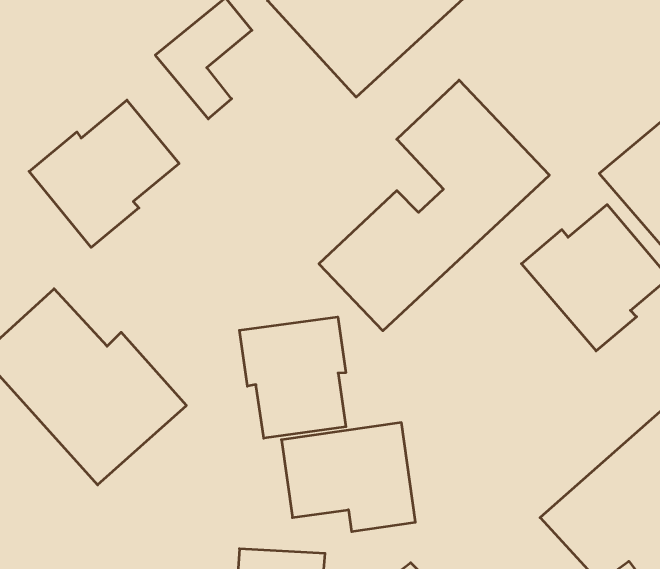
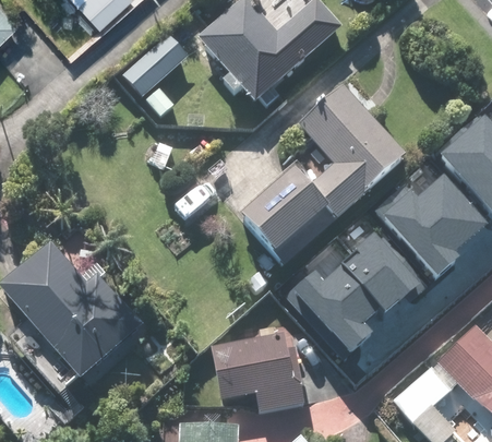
building: [29,100,179,247] -> none
building: none -> [288,237,418,357]
building: [239,317,346,438] -> none

